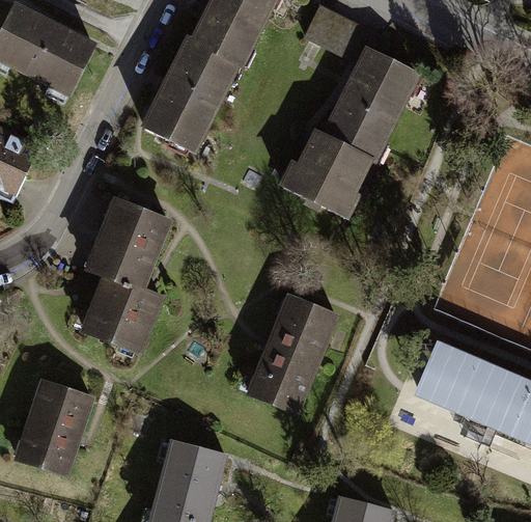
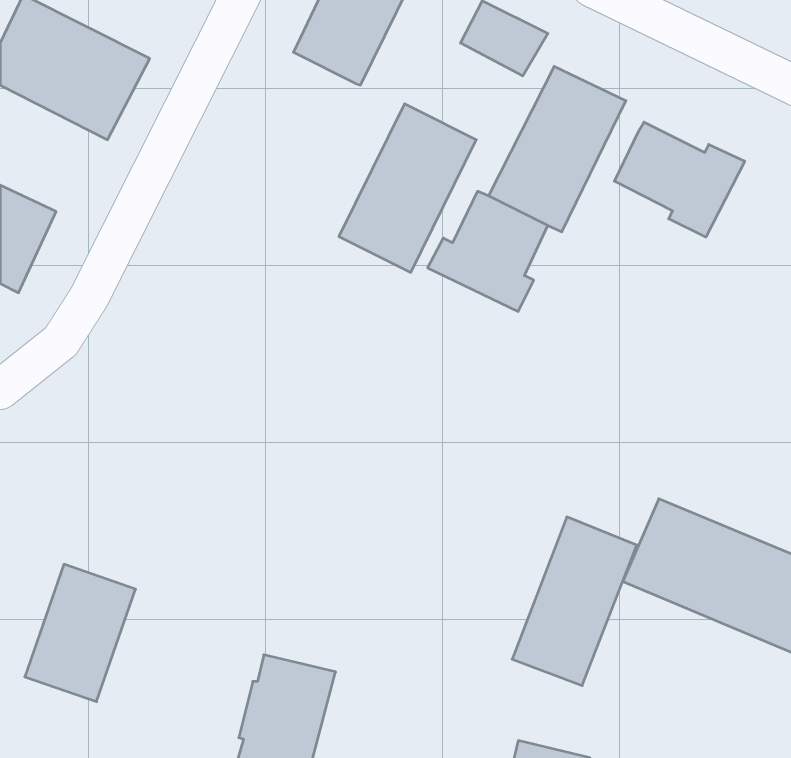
building: [145,39,236,152] -> [339,104,476,272]
building: none -> [614,122,745,237]
building: [86,201,167,350] -> none
building: [249,297,332,409] -> [512,517,637,686]

